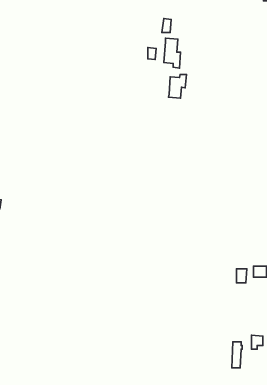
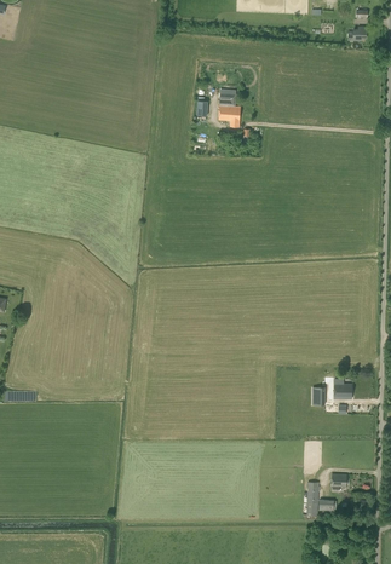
building: [169,74,187,98] -> none

